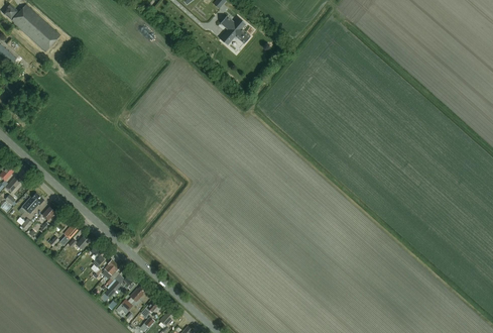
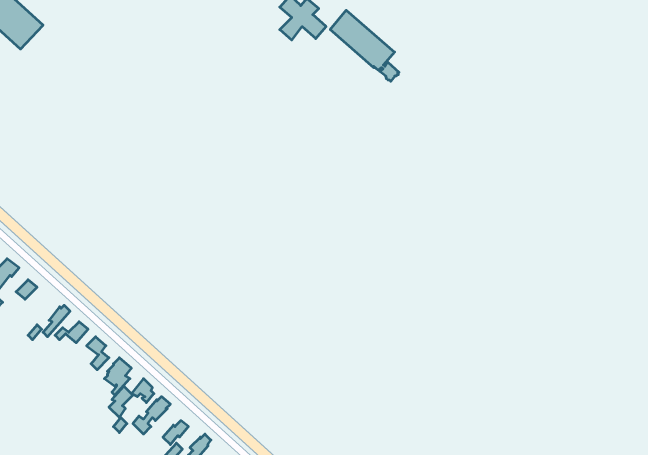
building: none -> [330,10,399,81]

